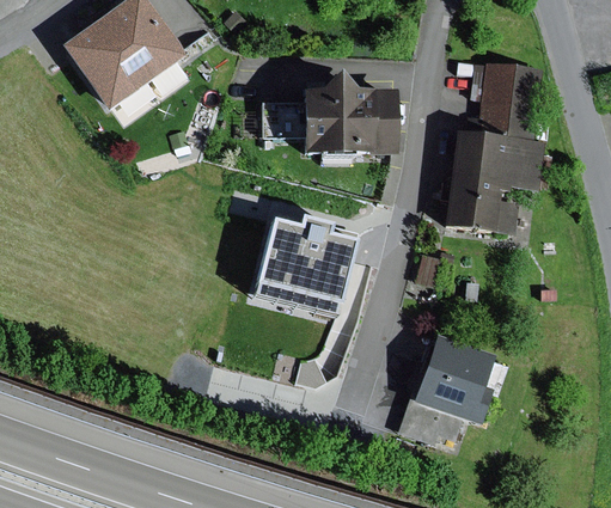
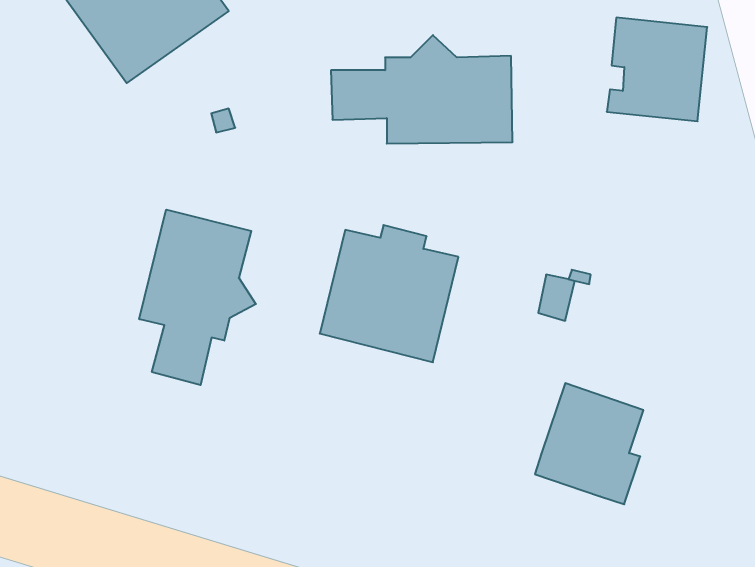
building: [446,129,546,231] -> none
building: none -> [139,210,256,385]
building: [399,384,464,441] -> none

